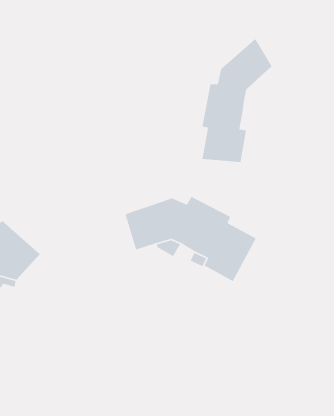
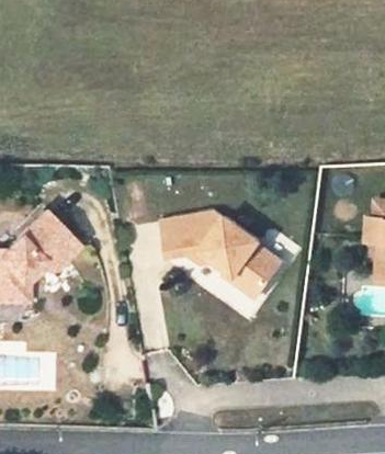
building: [202,38,273,163] -> none

